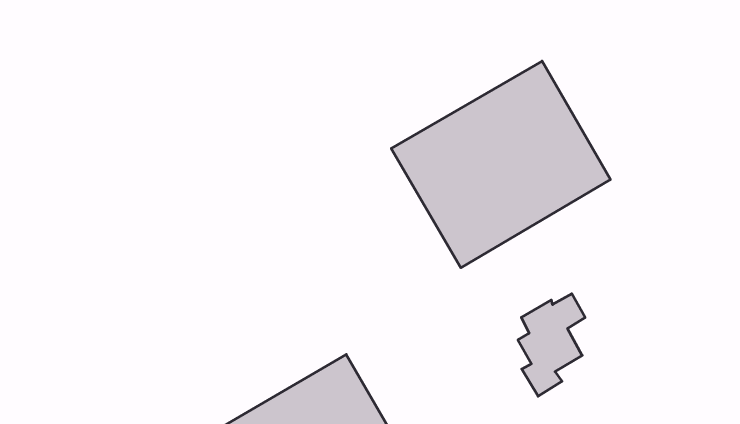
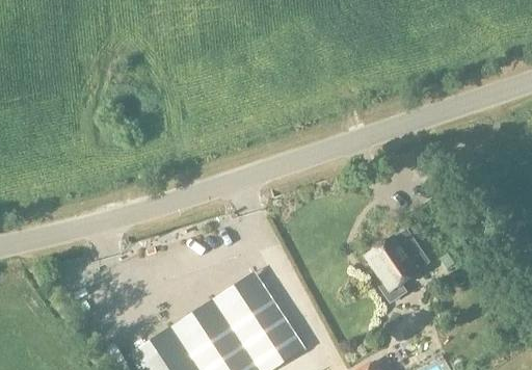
building: [391,61,610,268] -> none

